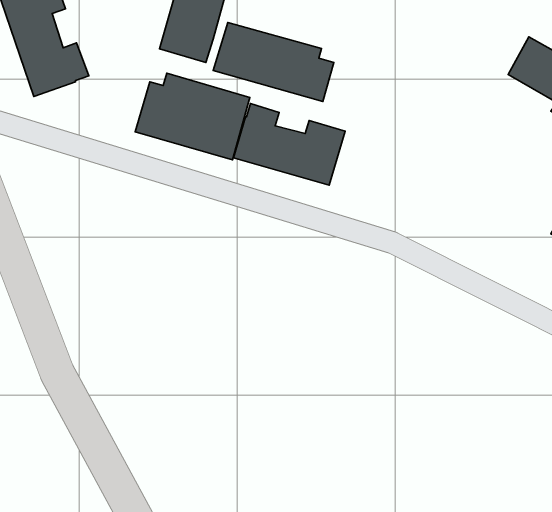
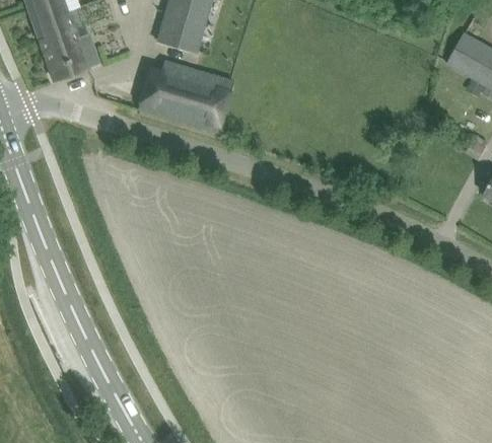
building: [213,22,334,101] -> none
building: [233,104,345,185] -> none

